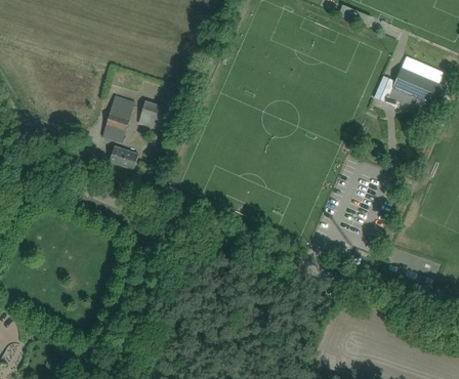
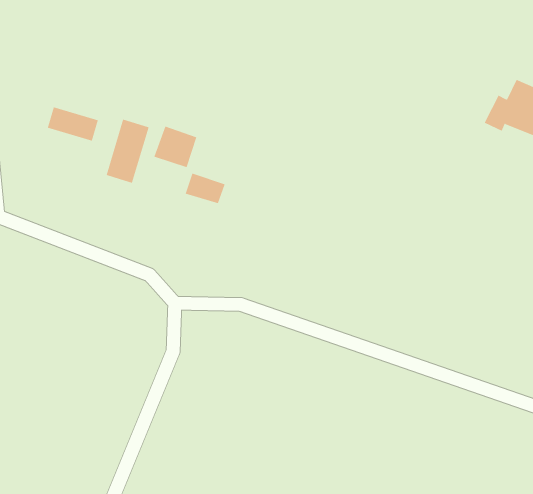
building: none -> [47,106,98,142]
building: [109,144,138,167] -> [185,173,226,204]

